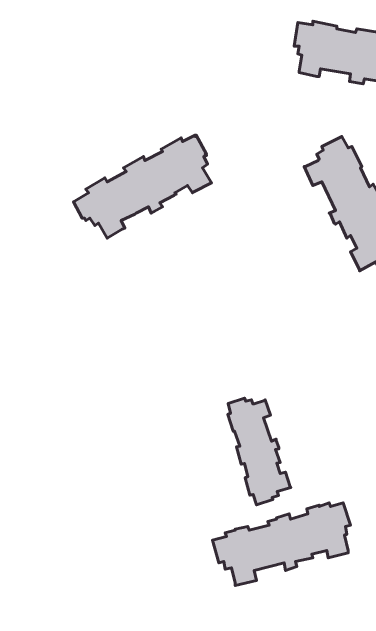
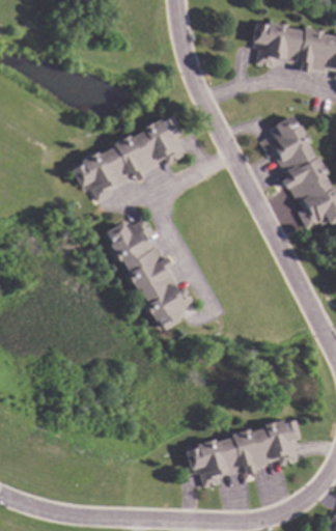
building: none -> [105,217,193,330]
building: [228,398,291,505] -> none

